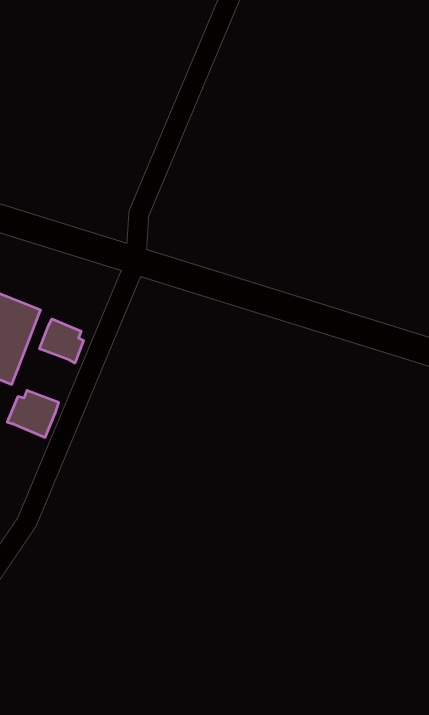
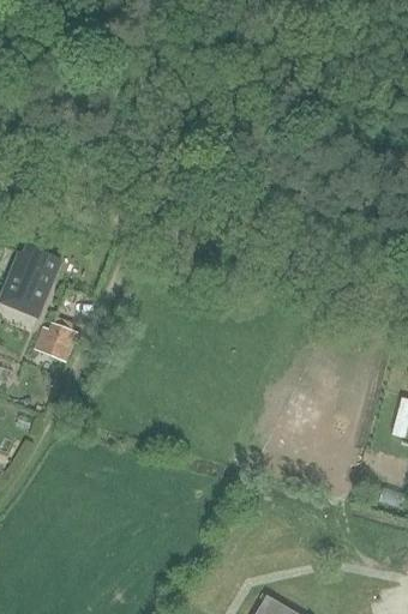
building: [40,319,84,363] -> none

